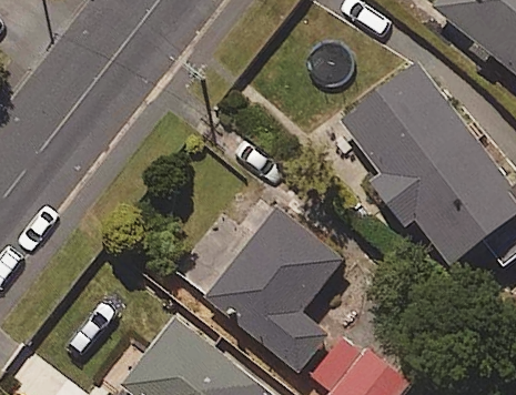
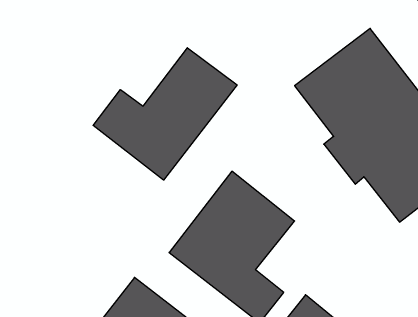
building: none -> [93,48,237,180]

